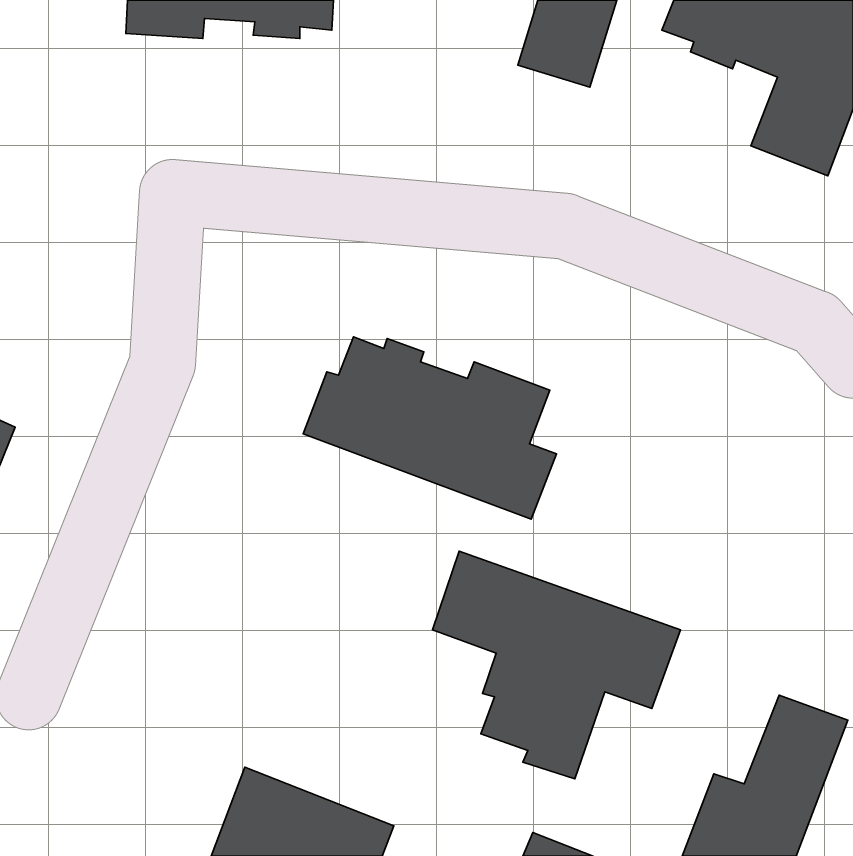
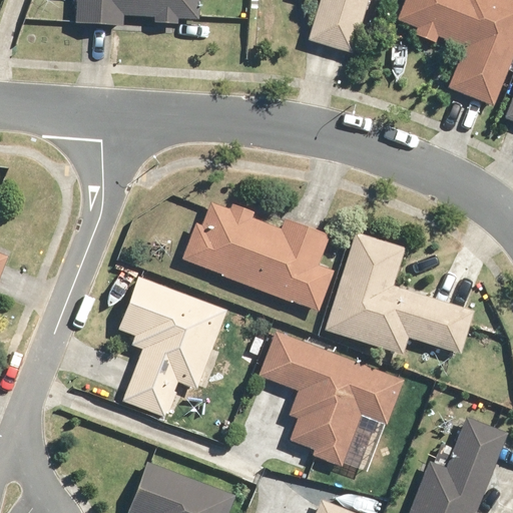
building: none -> [323,232,475,356]
building: none -> [116,275,227,418]

